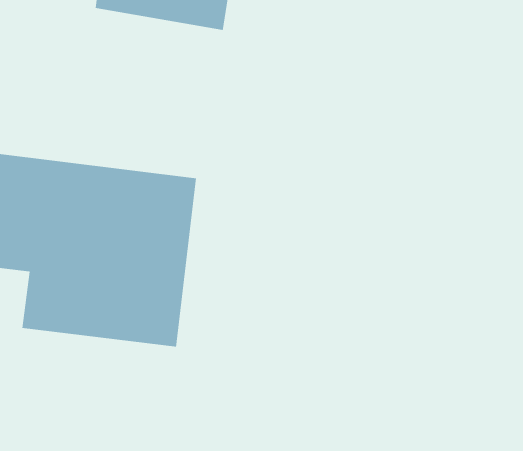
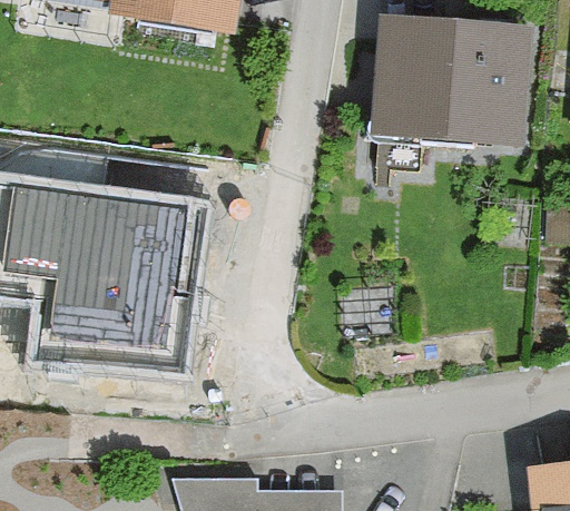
building: none -> [371,23,527,148]

